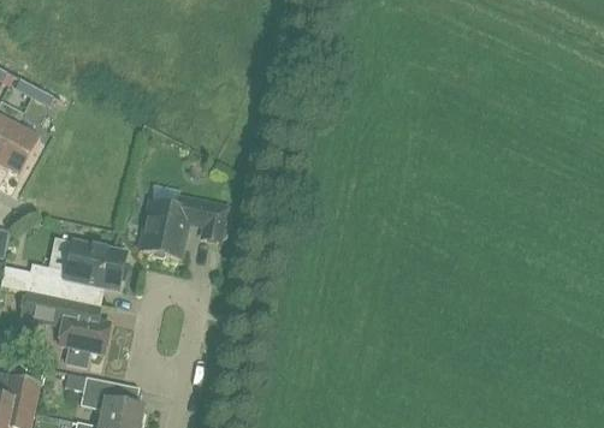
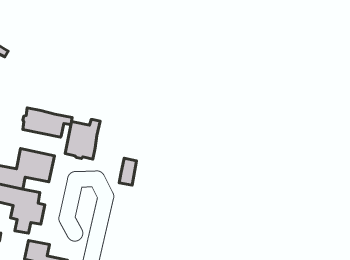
building: none -> [23,108,72,137]
building: [201,202,226,242] -> [119,158,136,185]

